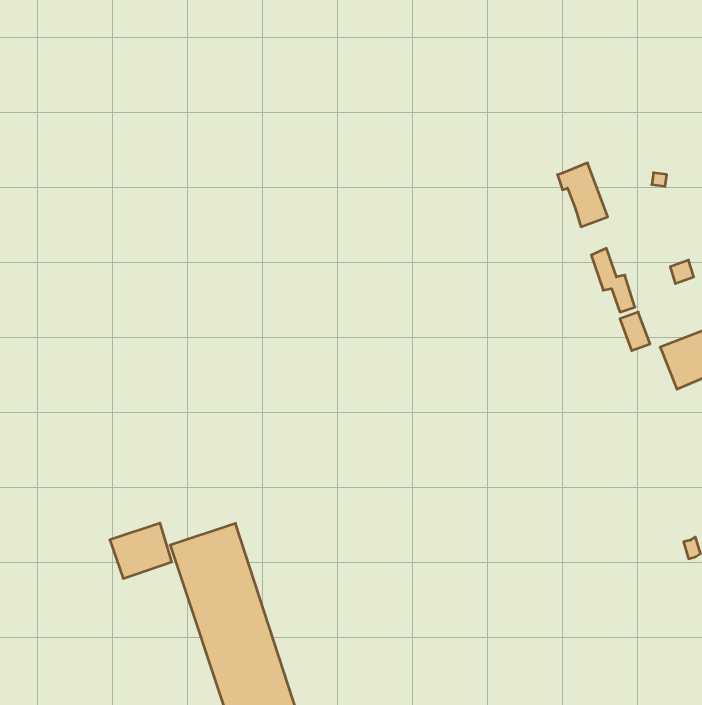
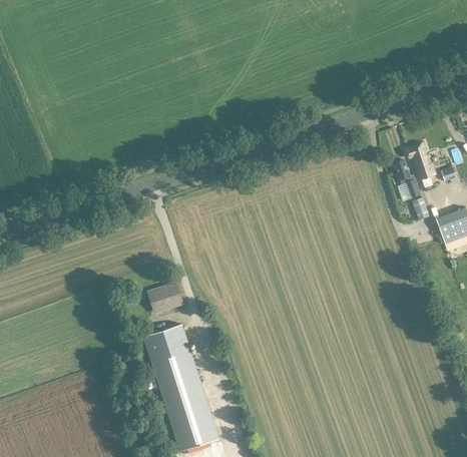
building: [557,163,608,227] -> [405,143,435,181]
building: [110,523,172,578] -> [146,282,183,315]

